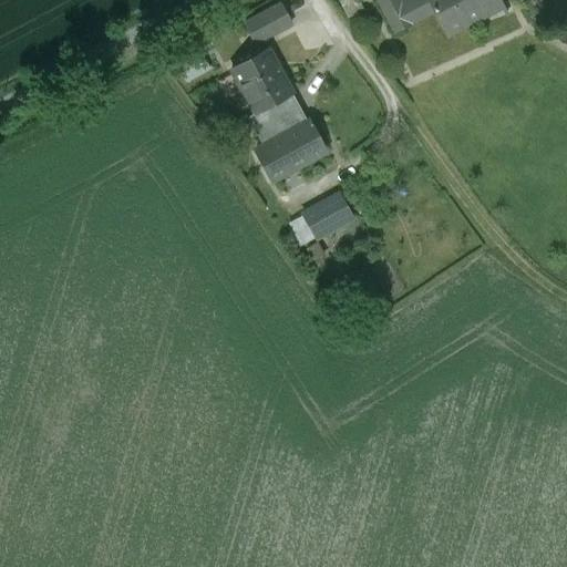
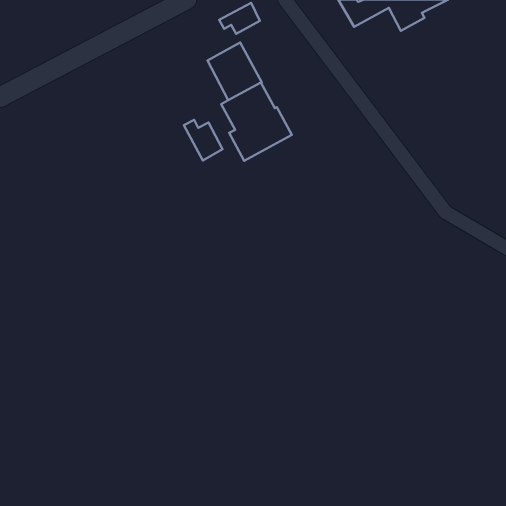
building: none -> [184,120,223,160]
building: [305,194,352,236] -> none

